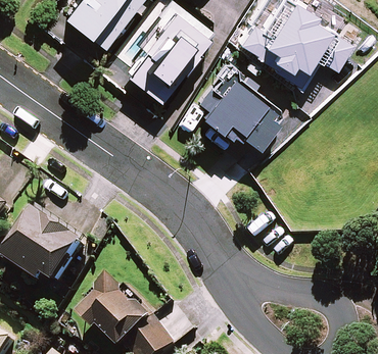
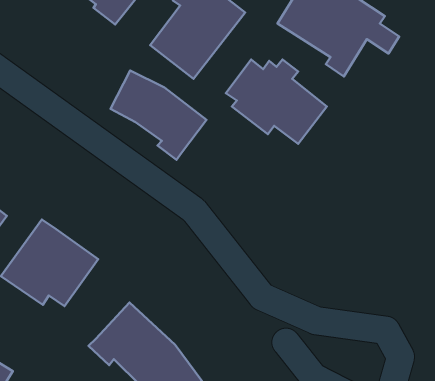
building: none -> [110,70,207,160]

